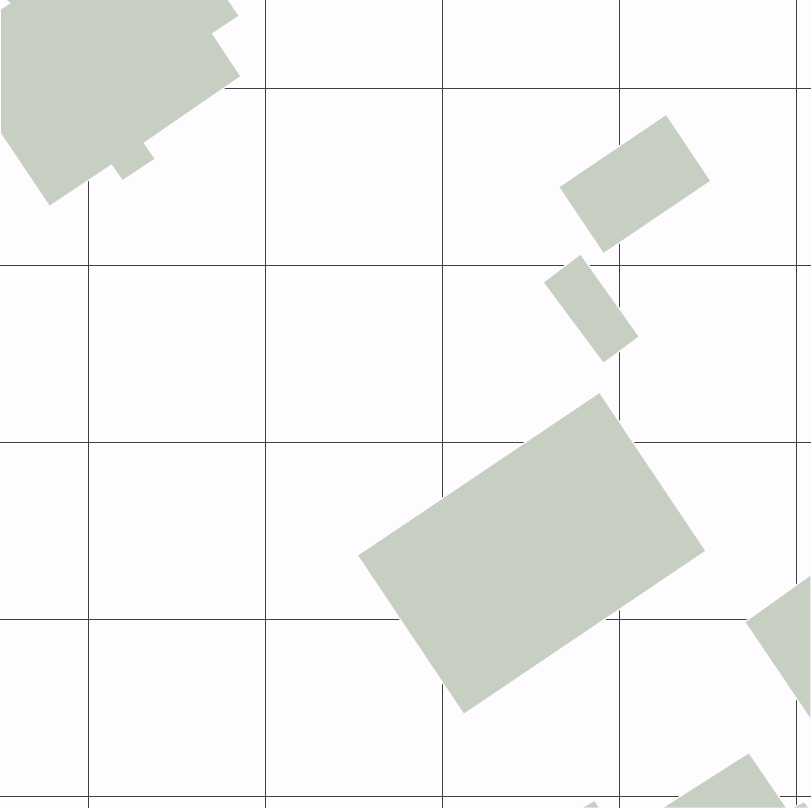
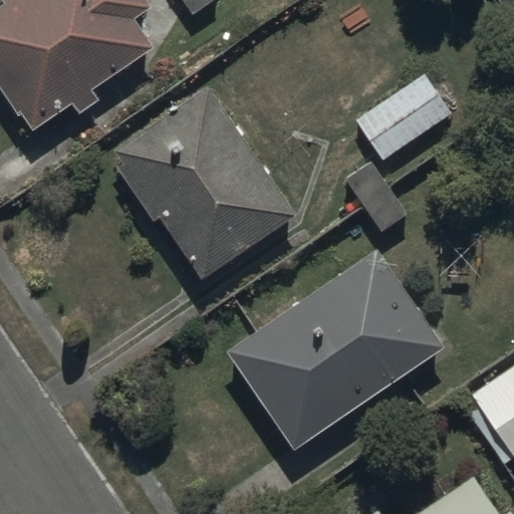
building: none -> [113,85,296,279]

